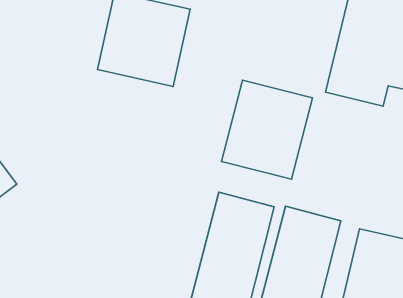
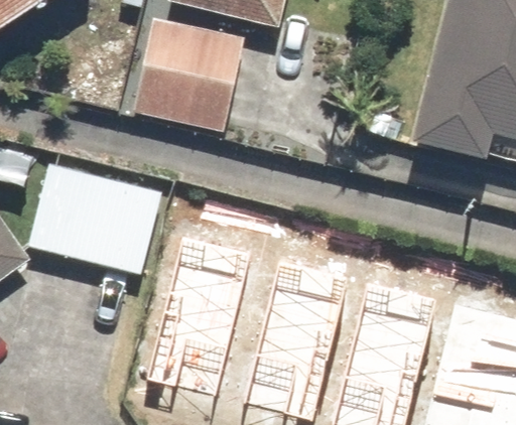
building: [222,80,313,179] -> none
building: none -> [30,166,161,272]
building: none -> [145,234,250,391]

